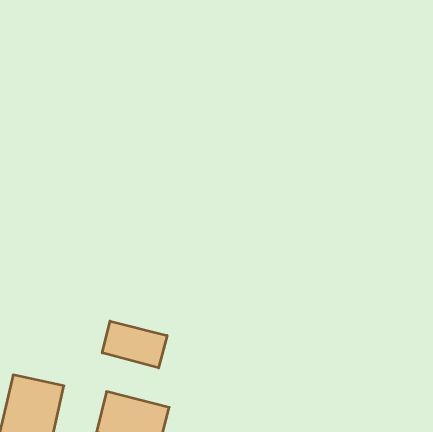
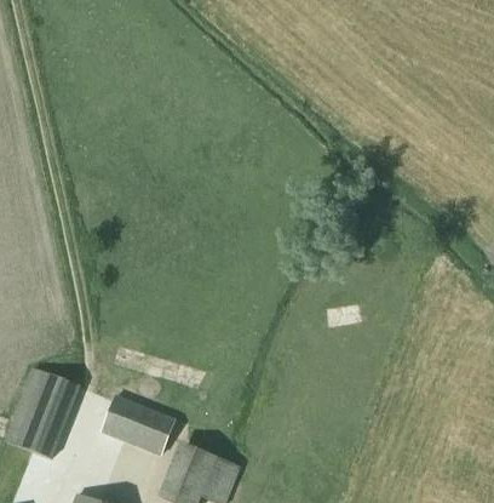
building: [102,321,167,368] -> none

